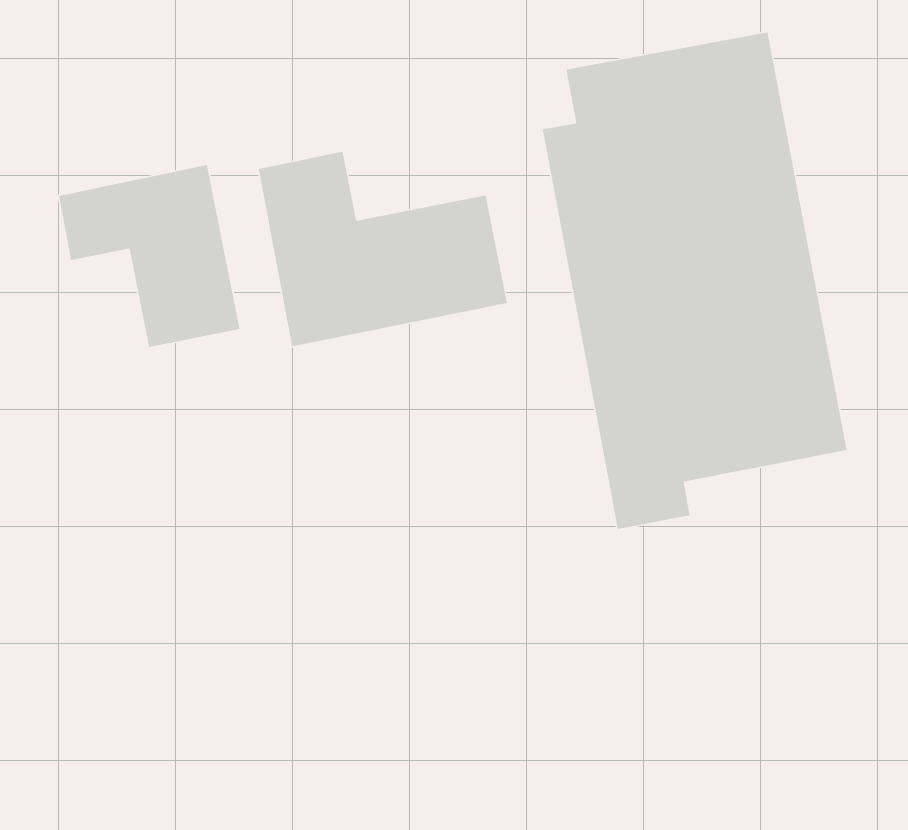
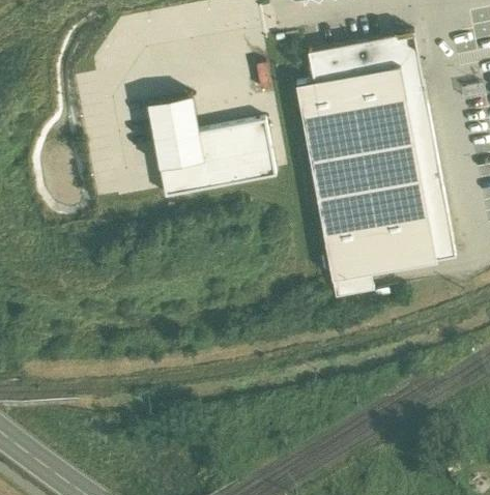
building: [58,164,240,348] -> none

